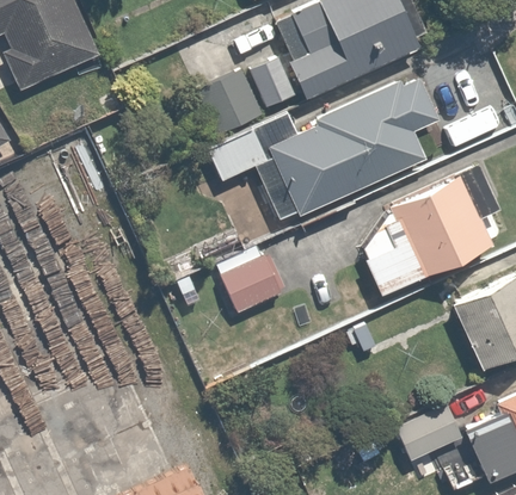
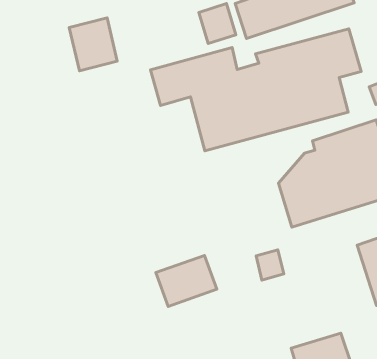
building: [202,69,258,130] -> [69,18,117,71]
building: [217,254,285,314] -> [156,255,217,306]

